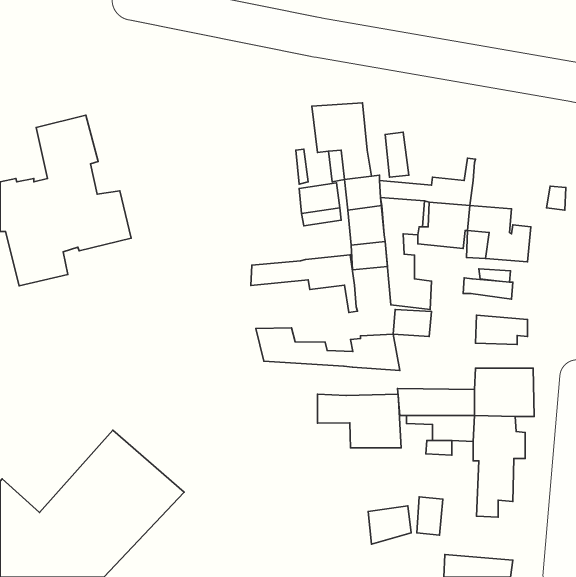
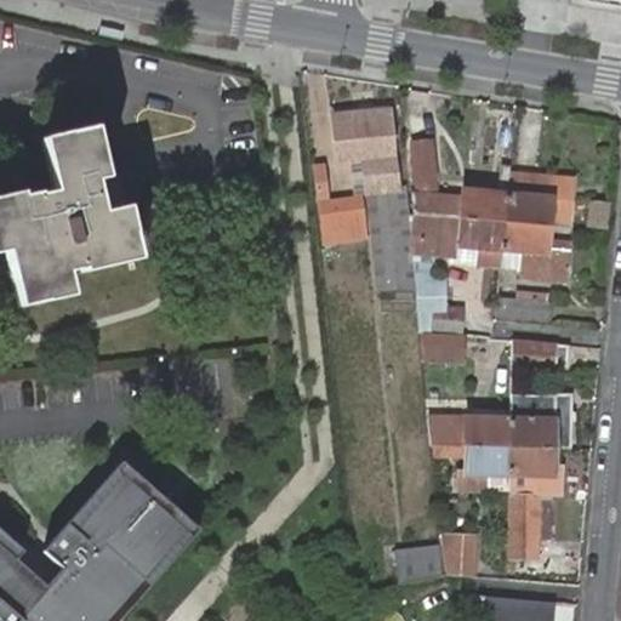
building: none -> [506,175,574,227]
building: [251,255,358,312] -> none
building: [256,328,400,370] -> none
building: [318,394,401,448] -> none

